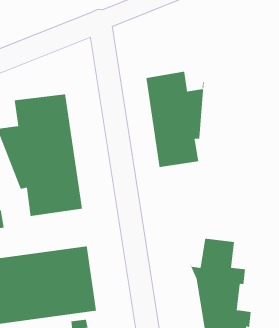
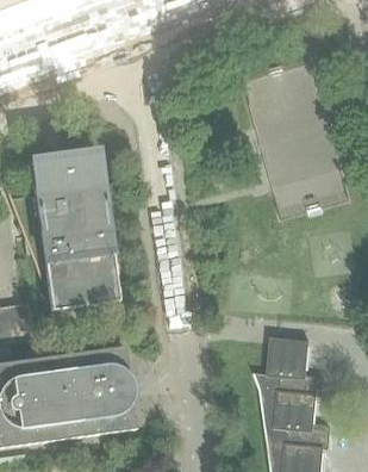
building: [146,71,204,168] -> none

